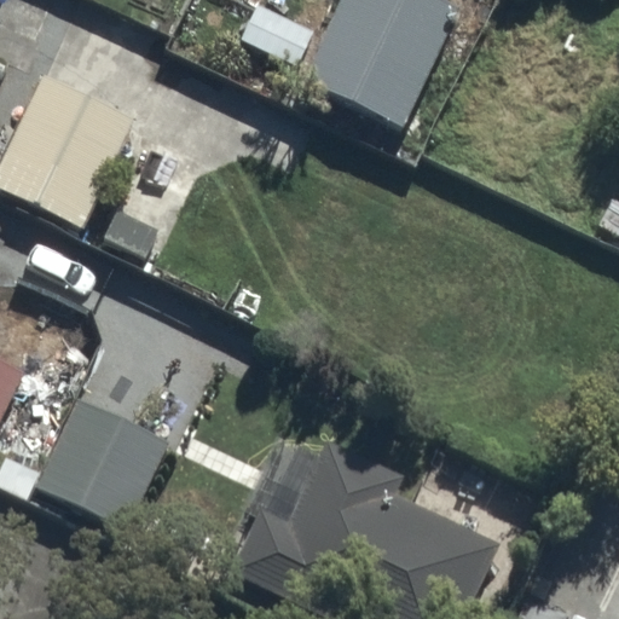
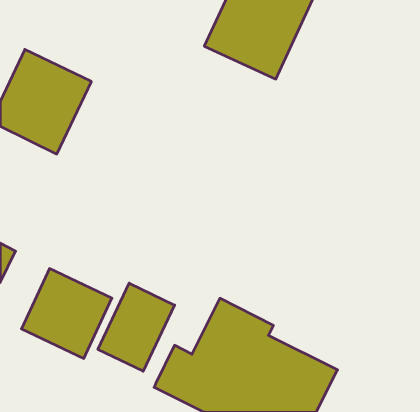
building: none -> [98,283,175,371]

